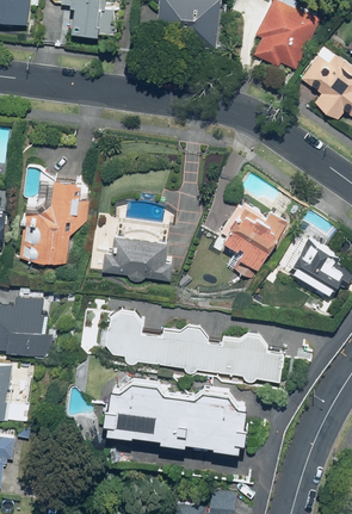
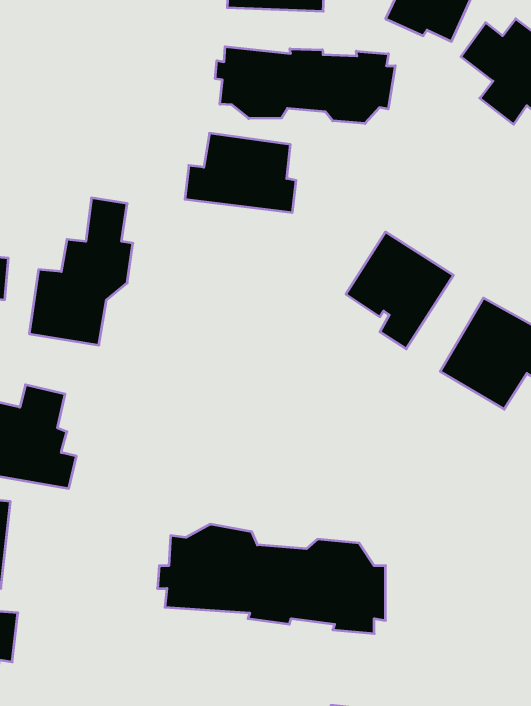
building: none -> [215,47,395,124]
building: [110,227,180,277] -> [185,133,296,212]
building: [110,309,289,382] -> none

